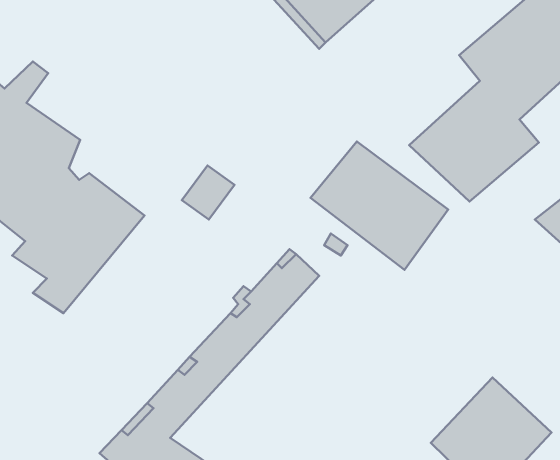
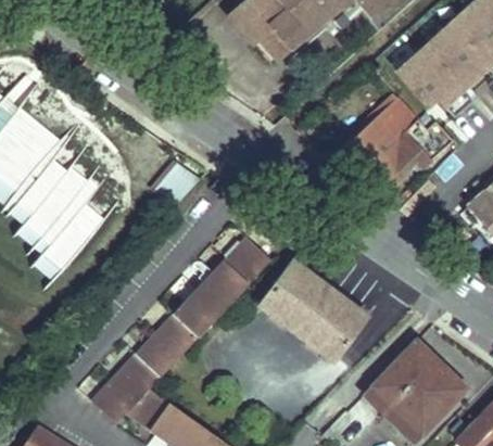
building: [311,141,448,270] -> [258,259,375,368]

